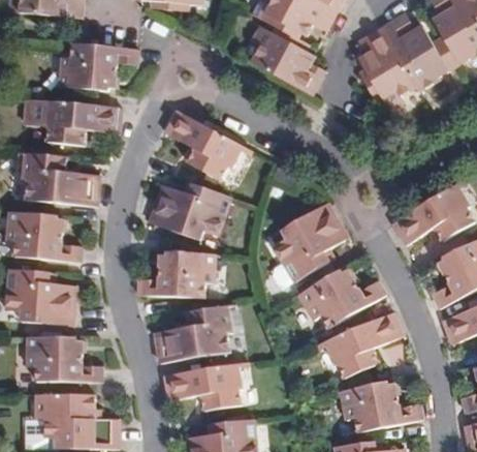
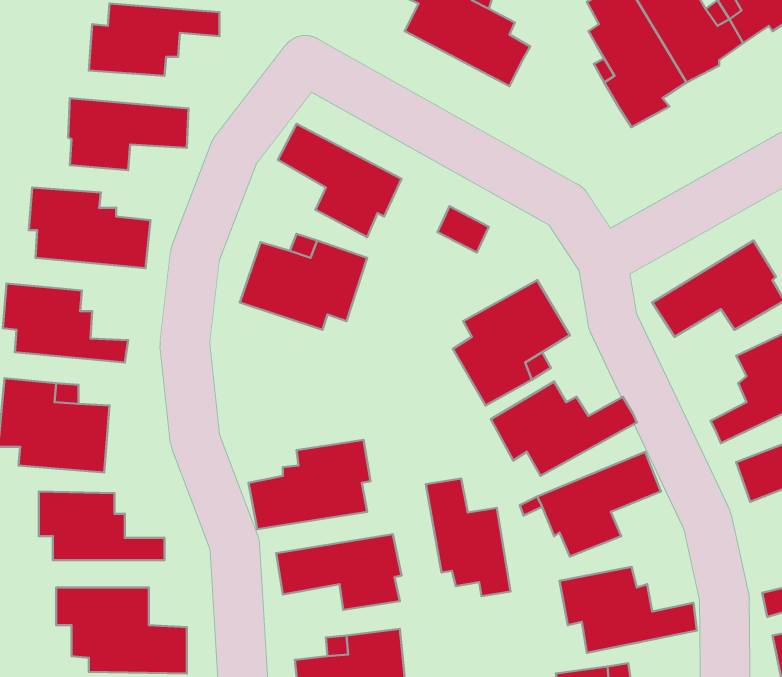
building: [137,251,214,294] -> none
building: none -> [426,479,510,596]

